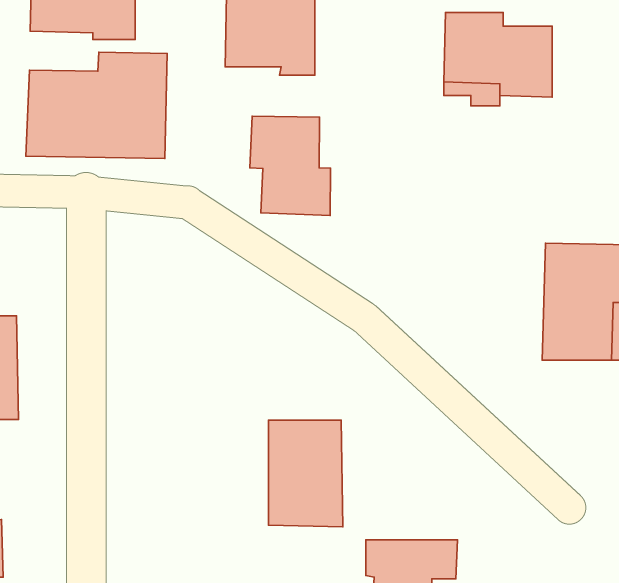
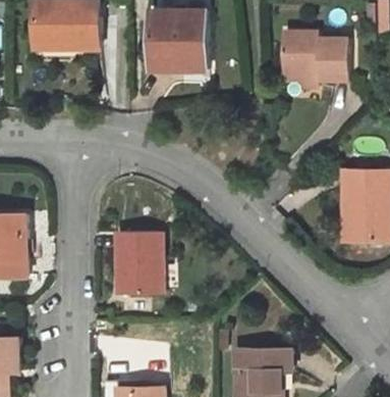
building: [26,52,167,158] -> none
building: [250,116,331,216] -> none
building: [268,420,343,527] -> [116,231,161,295]

